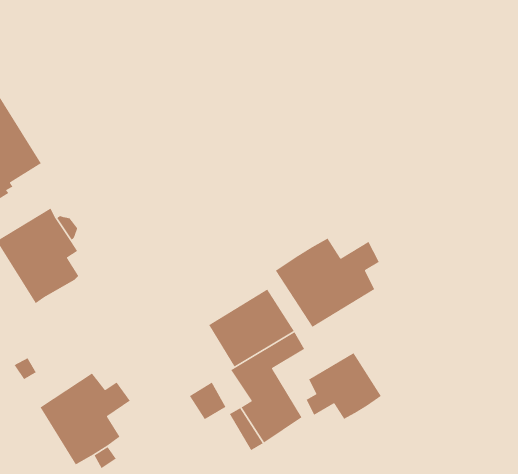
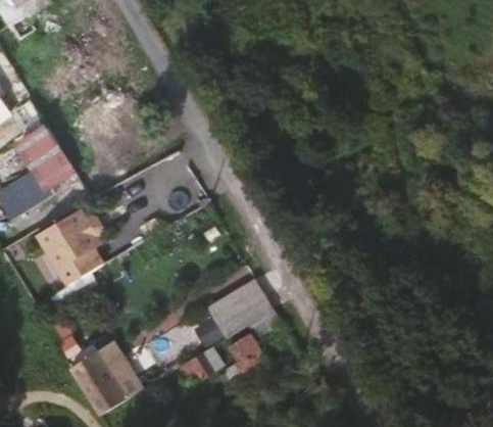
building: [275,237,380,328] -> none
building: [305,352,382,420] -> none

